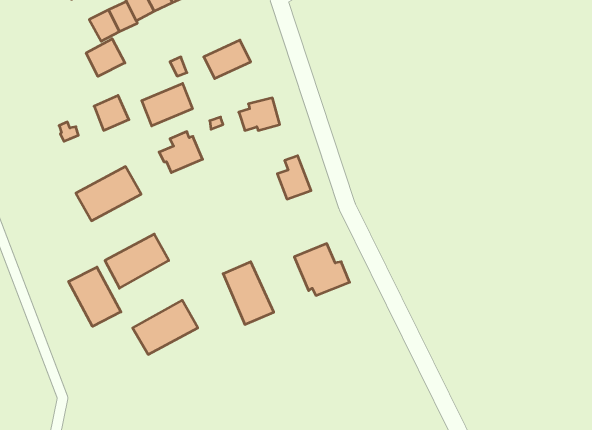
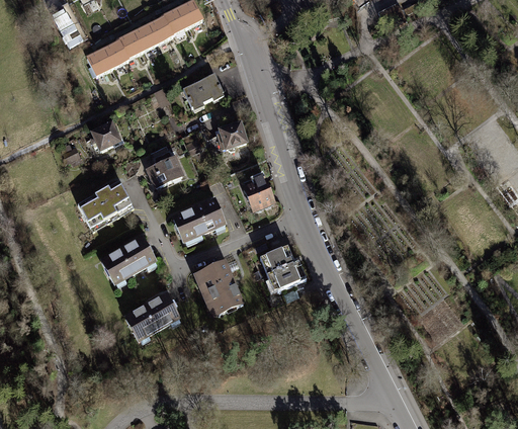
building: [86,39,125,76] -> none
building: [142,83,192,126] -> none
building: none -> [172,199,224,241]
building: [69,267,121,326] -> none

